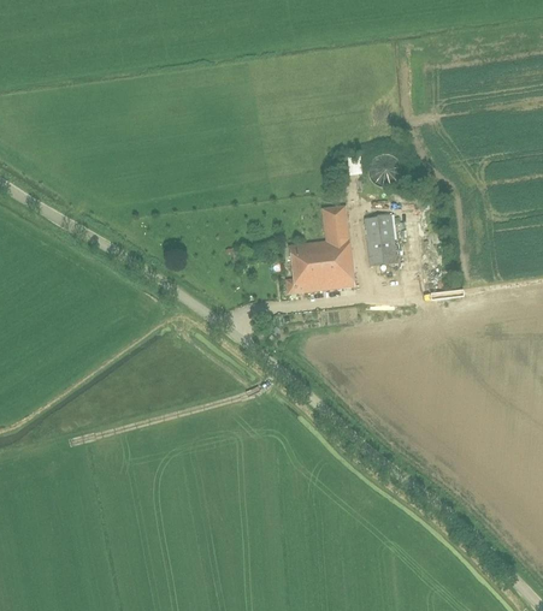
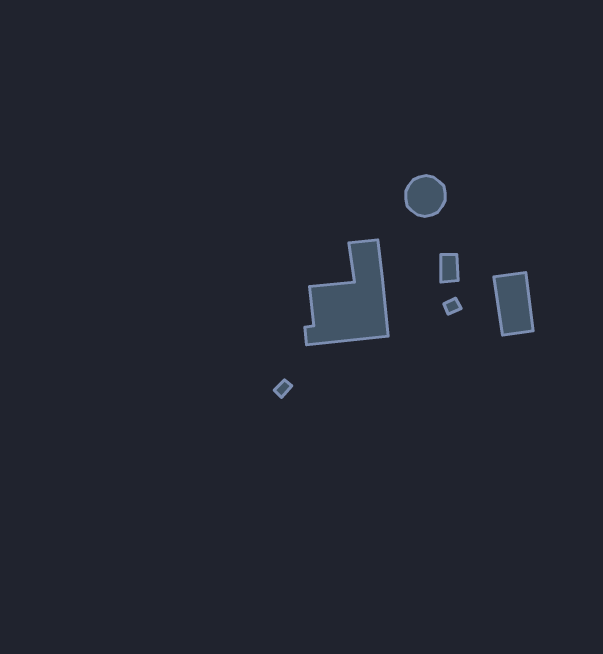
building: [364,213,396,265] -> [494,273,533,335]

